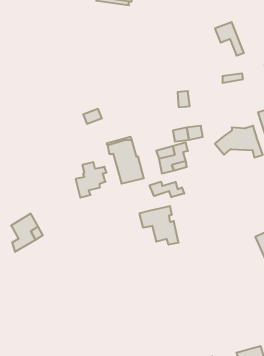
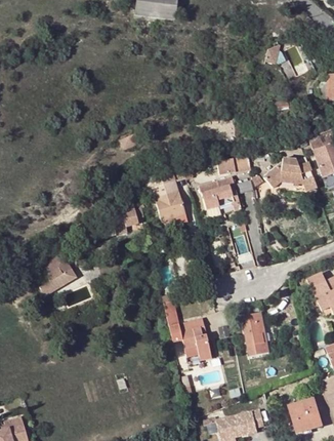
building: [150,182,184,197] -> none
building: [139,206,179,244] -> [168,318,211,360]
building: none -> [241,313,268,356]

